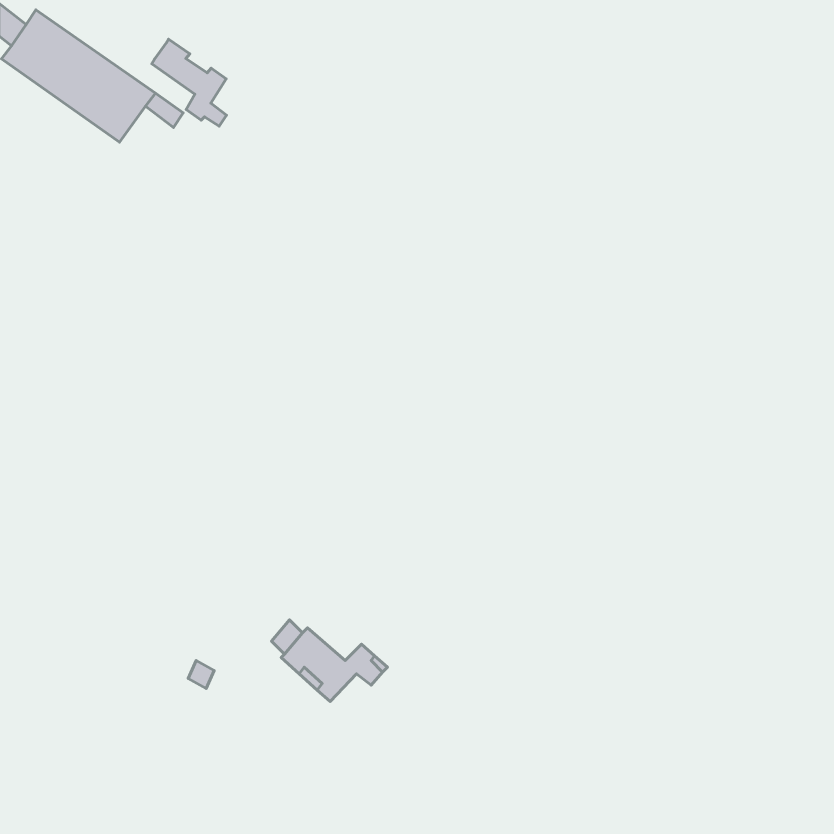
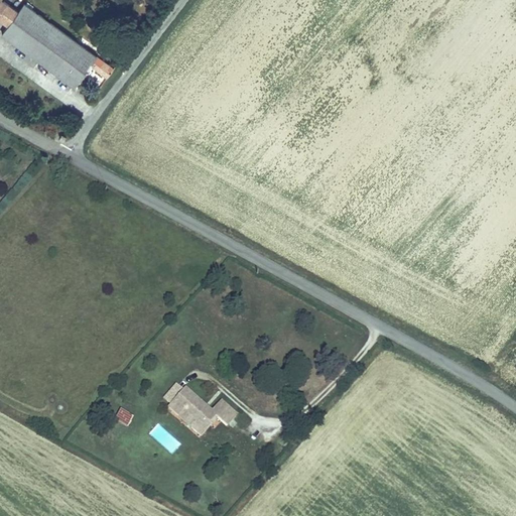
building: [152,39,227,126] -> none

